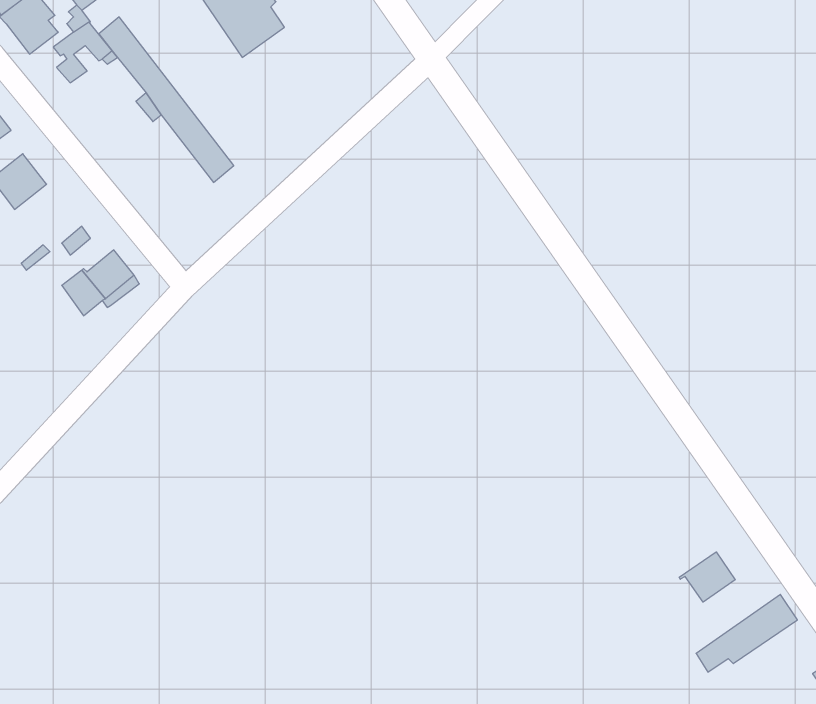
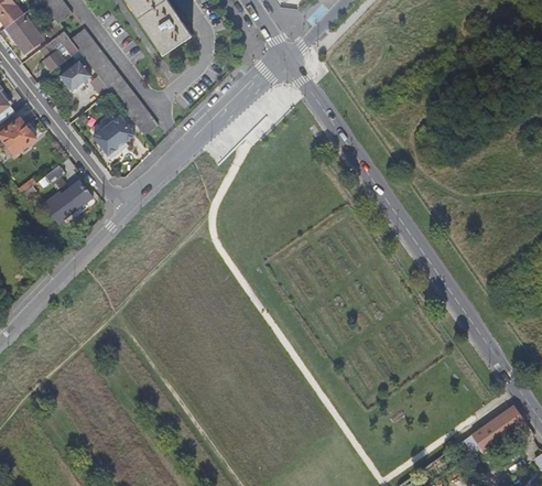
building: none -> [58,60,89,90]
building: none -> [91,115,133,154]
building: [679,552,735,602] -> none

